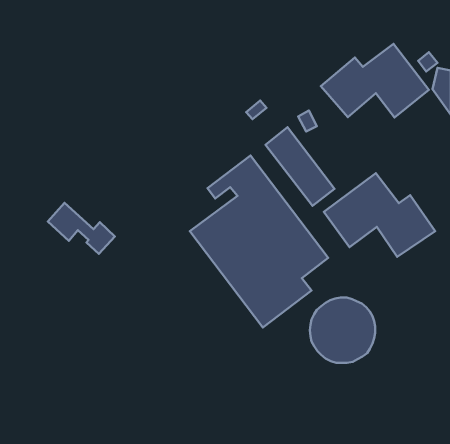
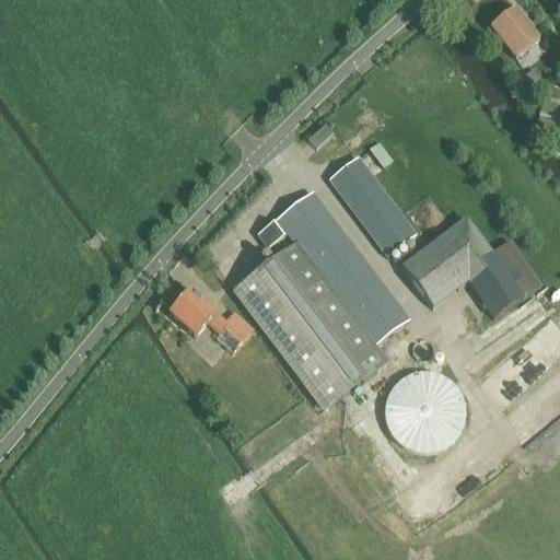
building: none -> [490,9,537,57]
building: [321,44,429,117] -> none
building: [48,203,115,254] -> [170,288,253,351]

